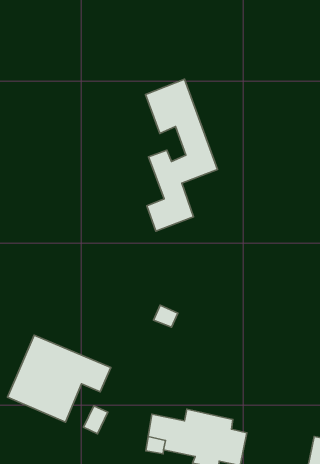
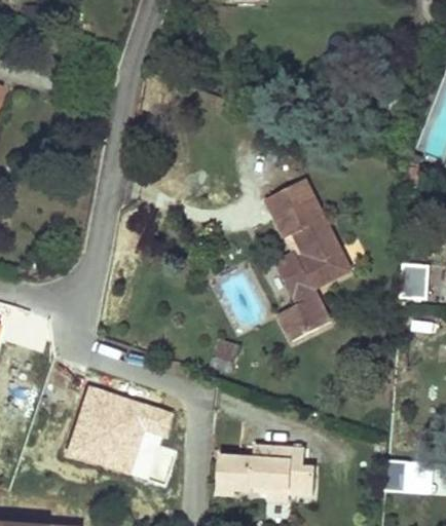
building: [146,79,218,231] -> [264,181,348,343]

